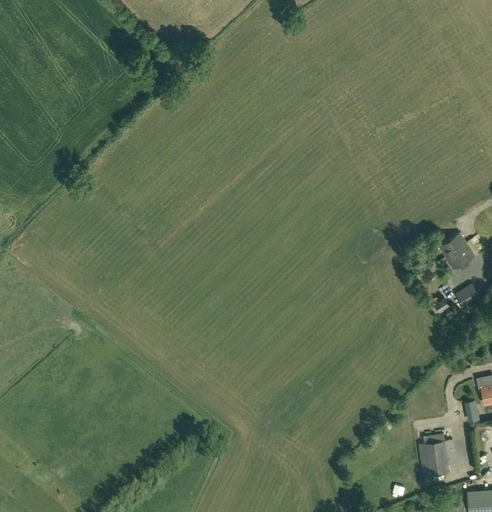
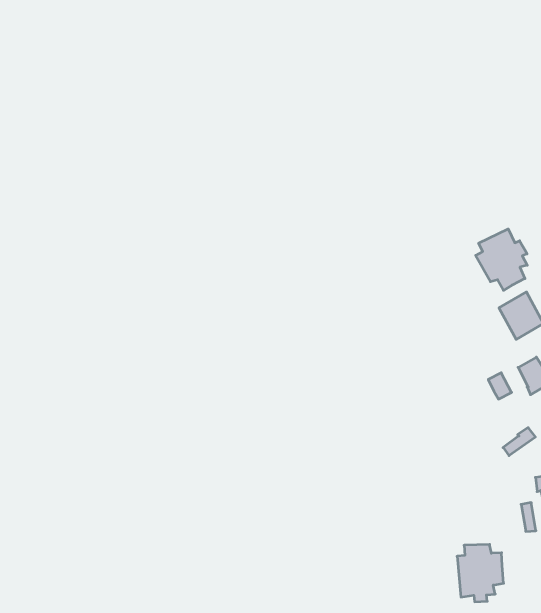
building: none -> [476,229,527,290]

